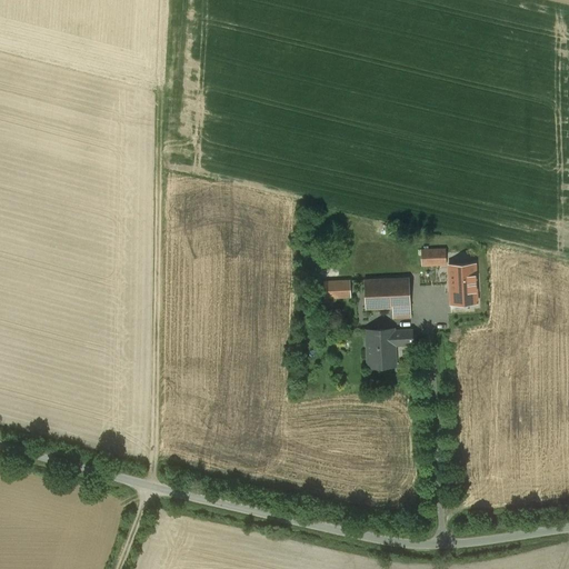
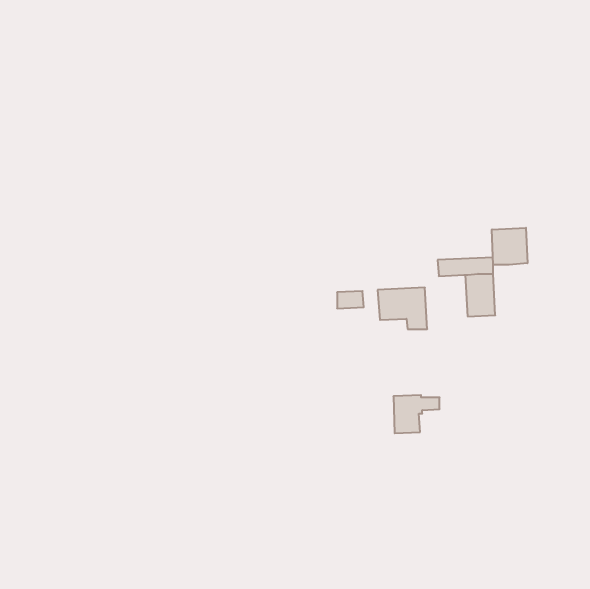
building: none -> [492,228,527,265]
building: [368,330,412,367] -> [393,395,440,433]

